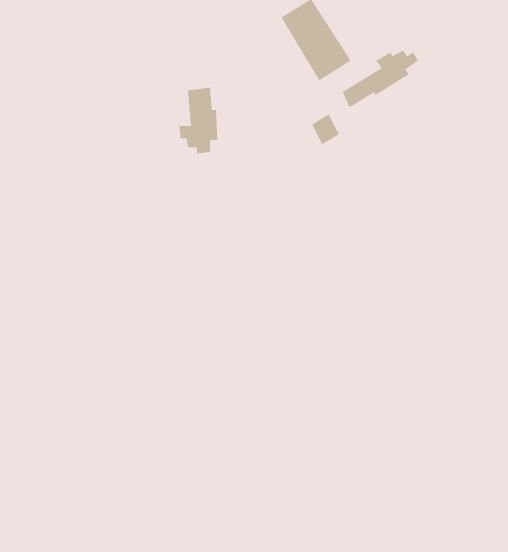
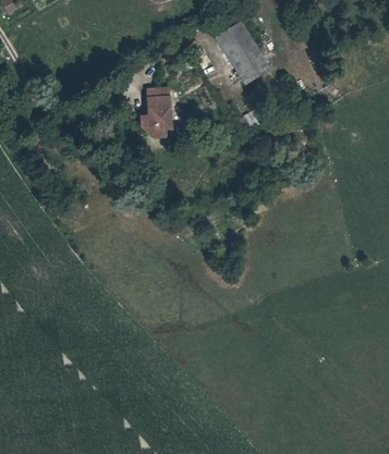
building: [342,50,419,108] -> none

